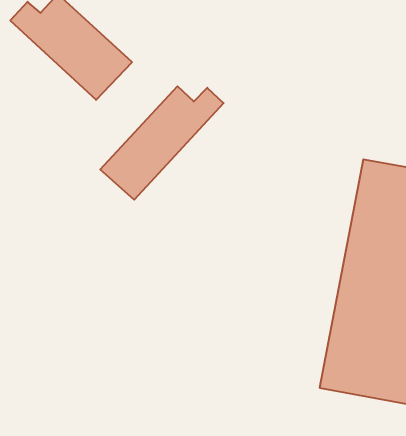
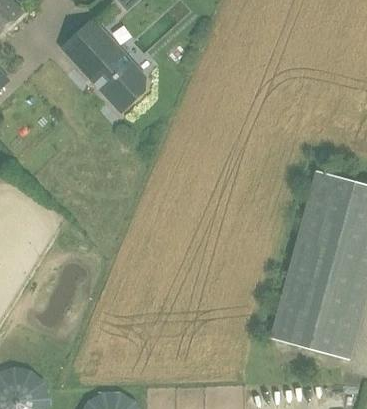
building: [100,86,224,200] -> none

